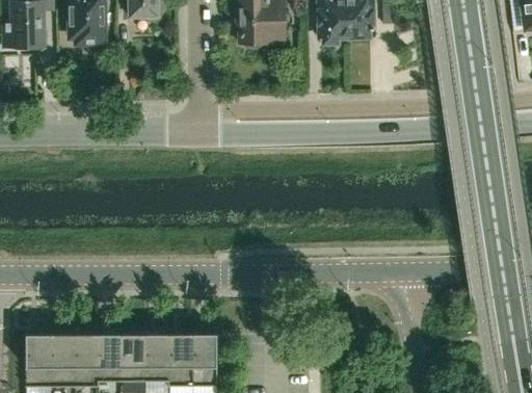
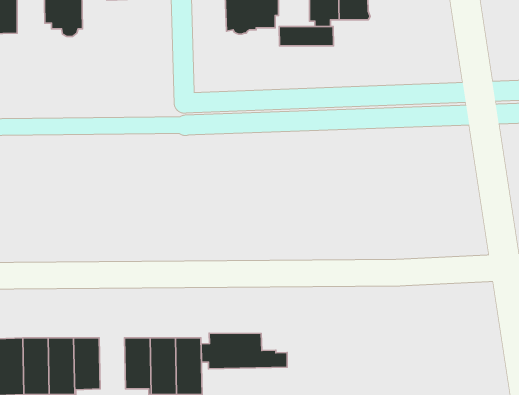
building: none -> [279,27,334,46]
building: none -> [201,333,287,369]
building: [121,335,145,383] -> none

